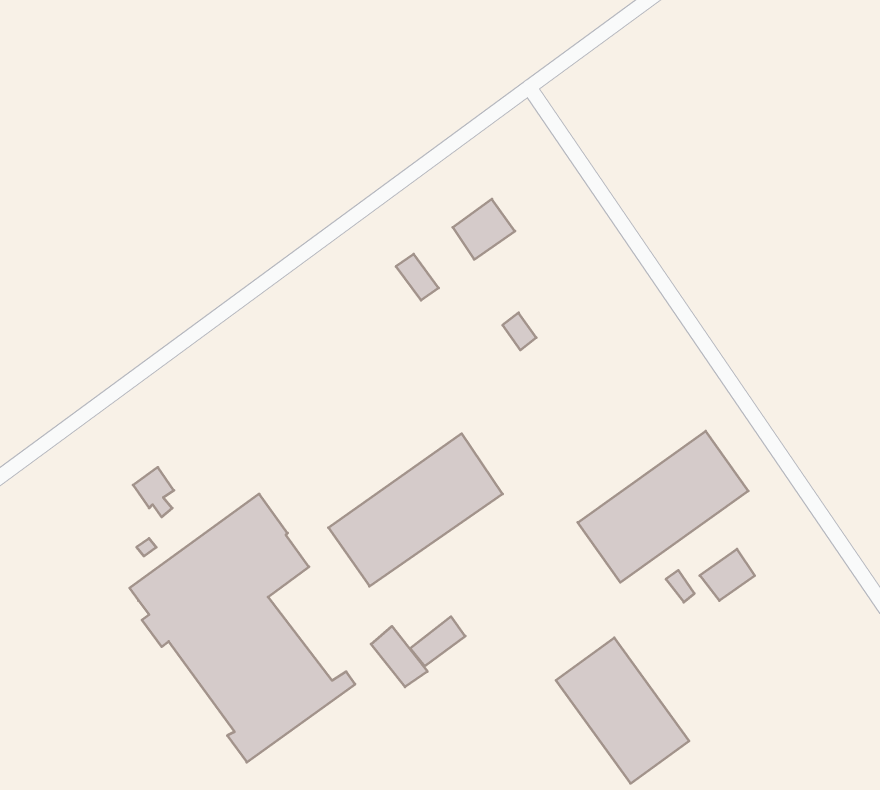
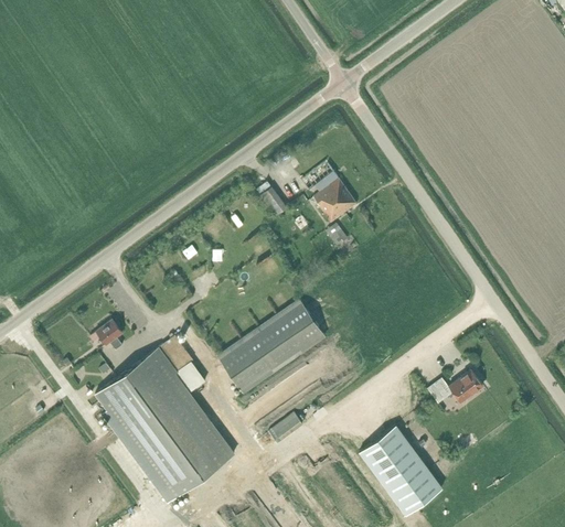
building: none -> [313,179,356,222]
building: [578,431,748,582] -> none
building: [371,626,427,687] -> none

